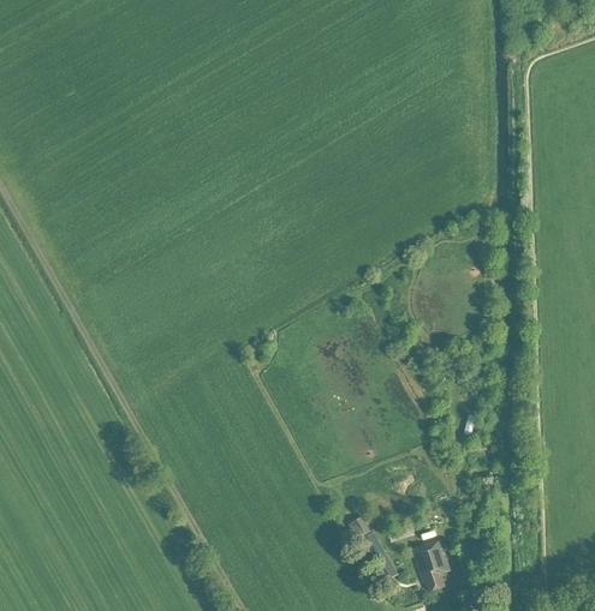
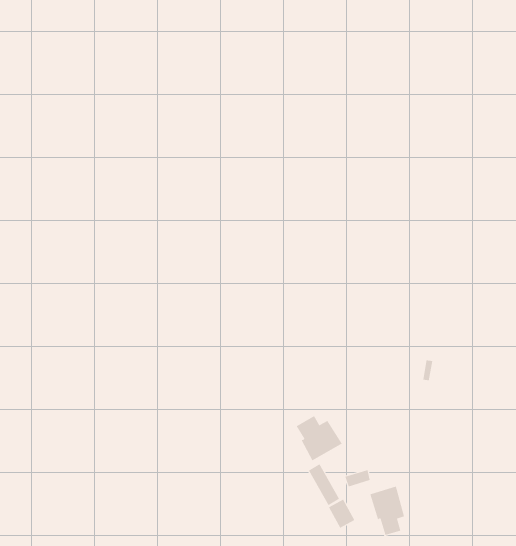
building: none -> [296,415,342,461]

